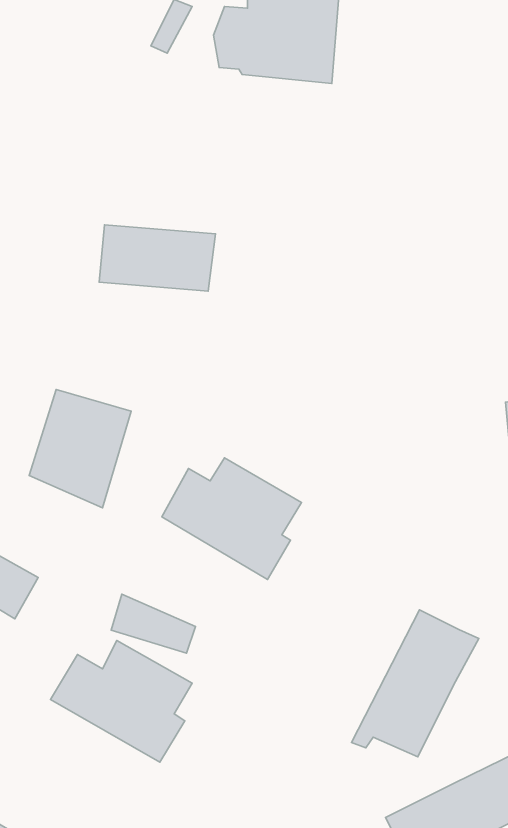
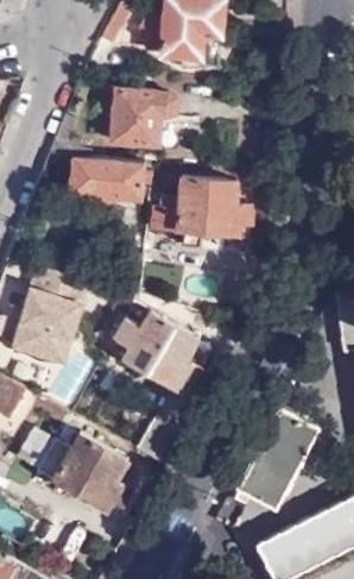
building: none -> [110,90,177,149]
building: none -> [148,178,241,239]
building: [111,594,195,653] -> [13,325,69,364]

